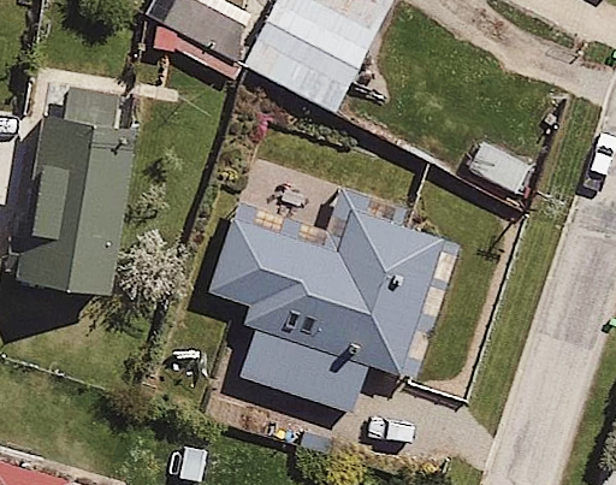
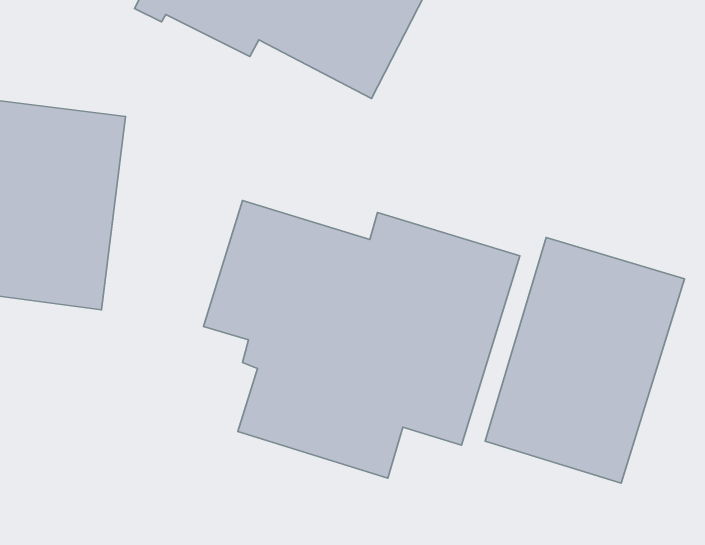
building: none -> [485,237,684,483]

